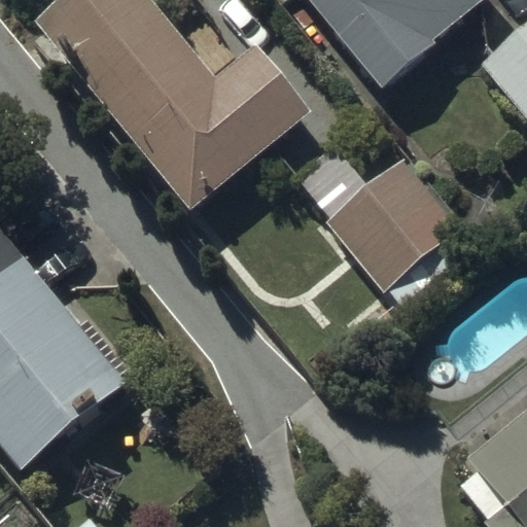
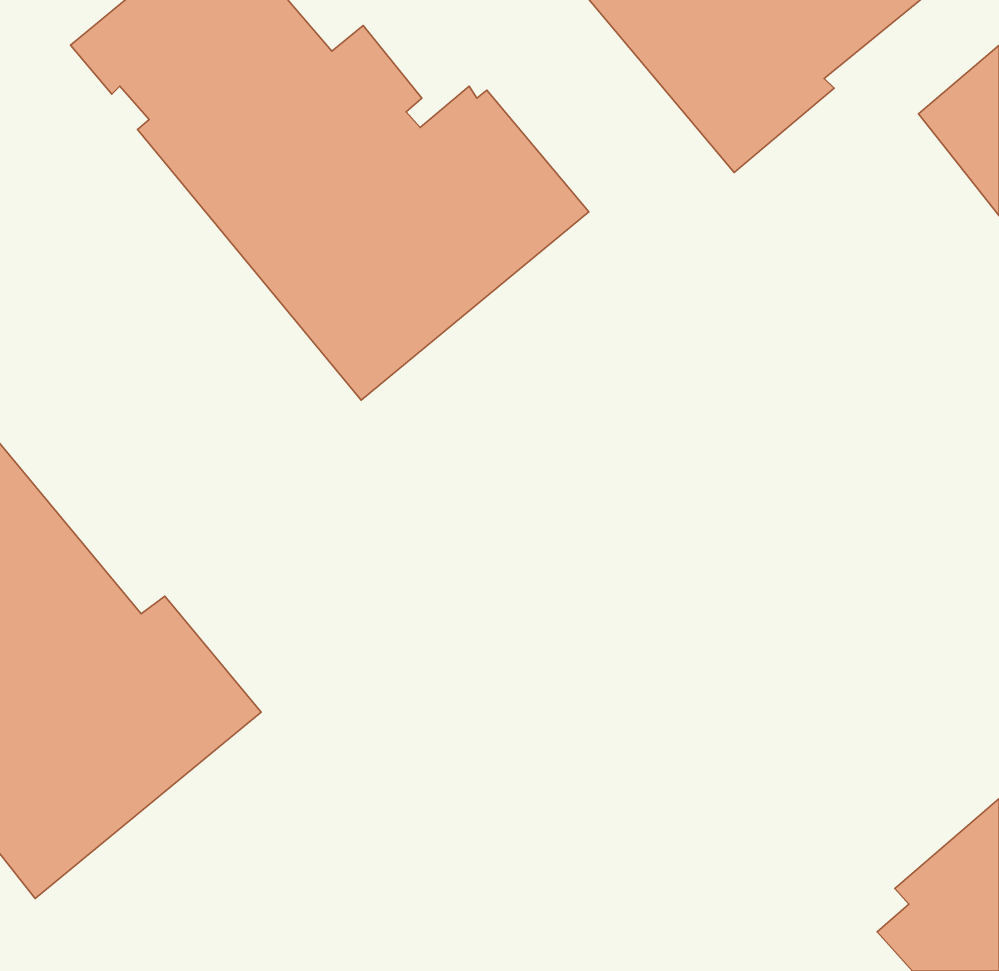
building: [296,143,467,301] -> none

